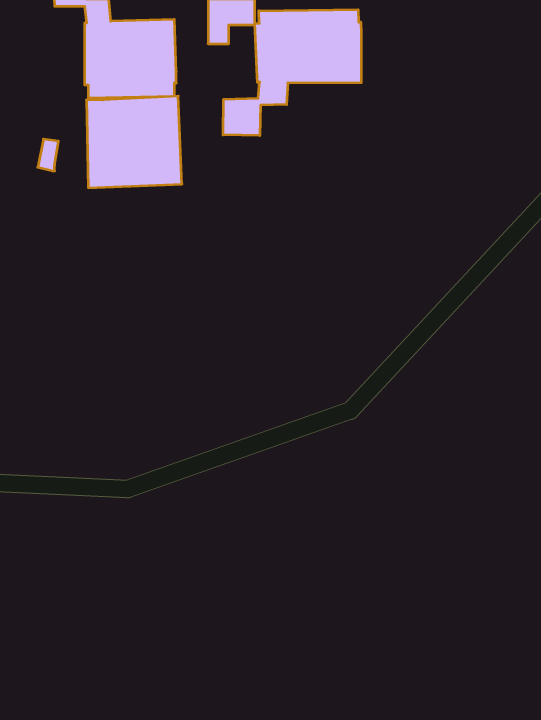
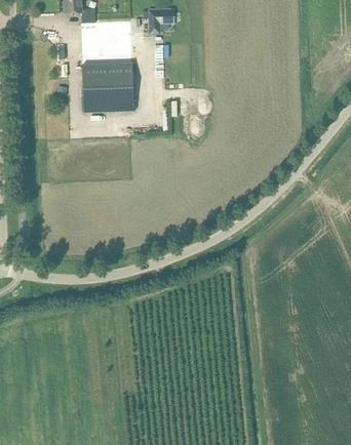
building: [223,10,361,136] -> none

